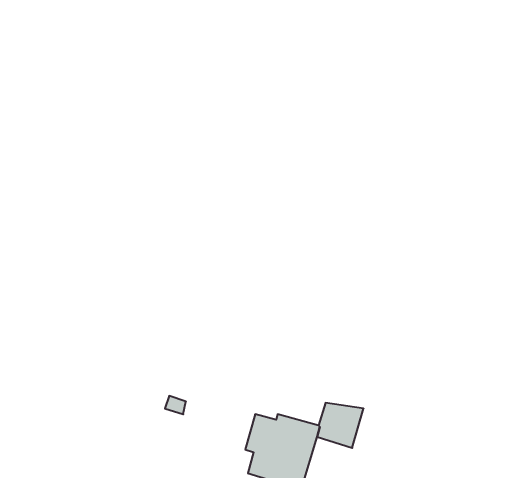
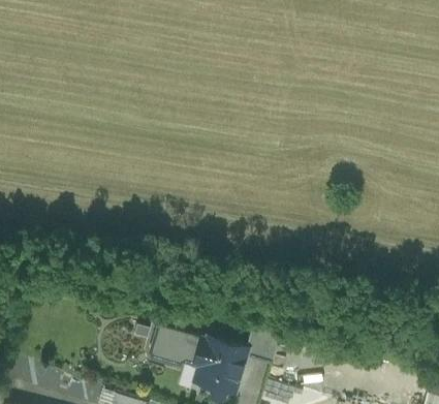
building: none -> [151,329,200,368]

